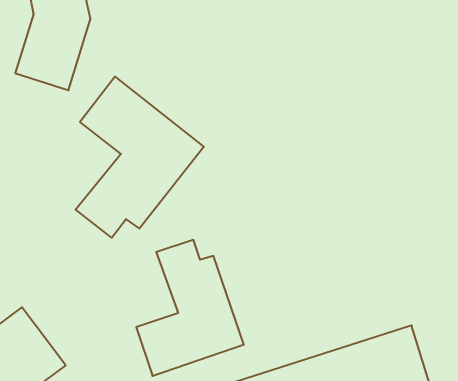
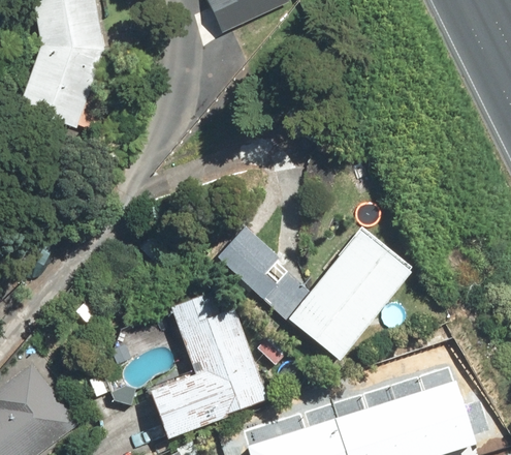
building: [75,77,204,238] -> none
building: none -> [222,224,414,358]

